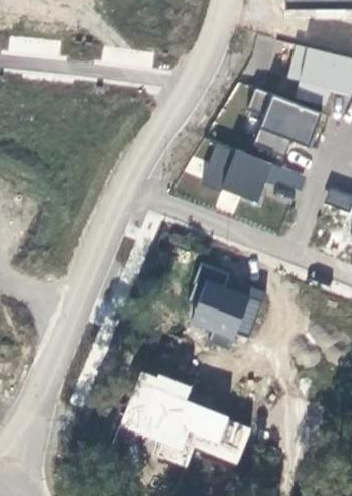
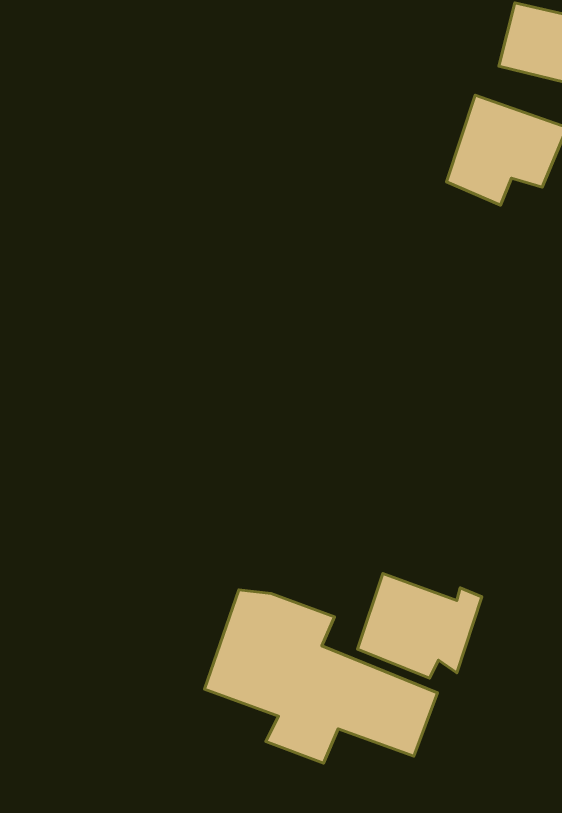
building: [201,141,307,205] -> none
building: [193,279,262,338] -> [357,573,482,678]

